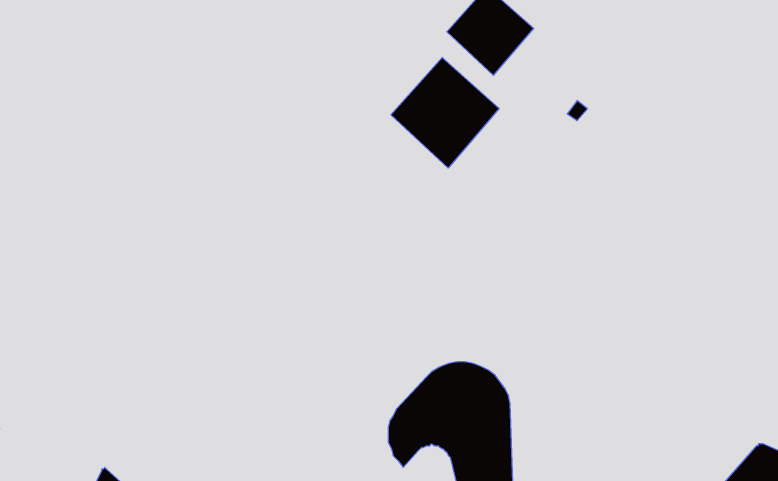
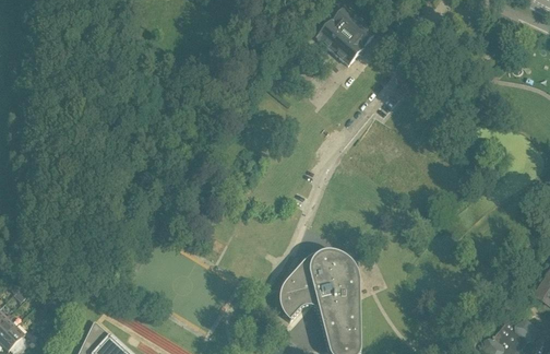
building: [391,57,499,168] -> none

